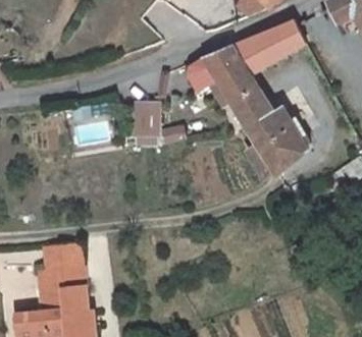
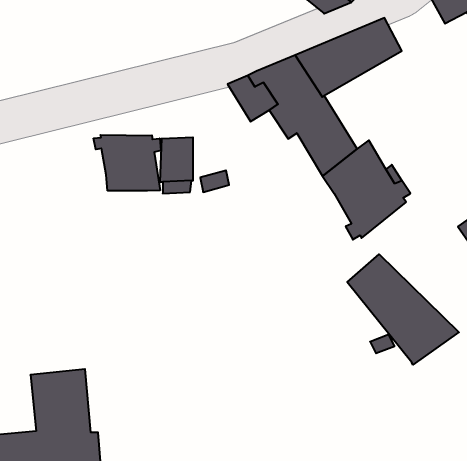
building: none -> [94,135,161,191]
building: none -> [347,254,459,365]
building: [39,244,81,272] -> none

